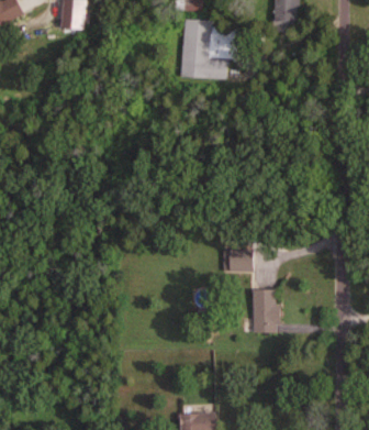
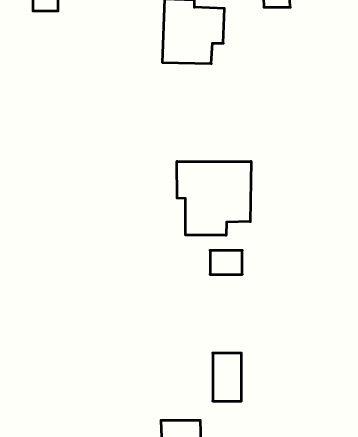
building: none -> [177,161,251,235]
building: [255,289,281,333] -> [213,353,241,401]

